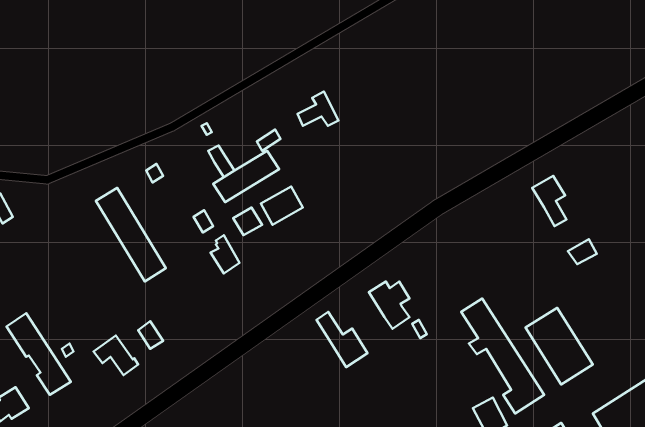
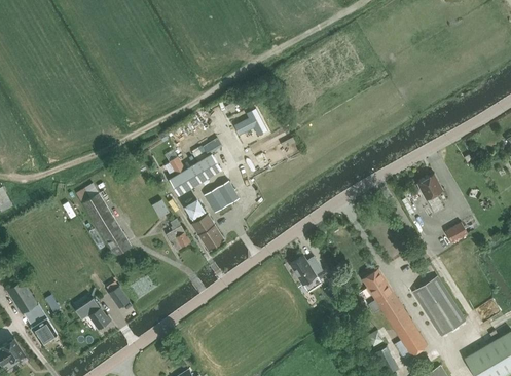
building: none -> [192,215,223,250]
building: [316,312,367,367] -> none

